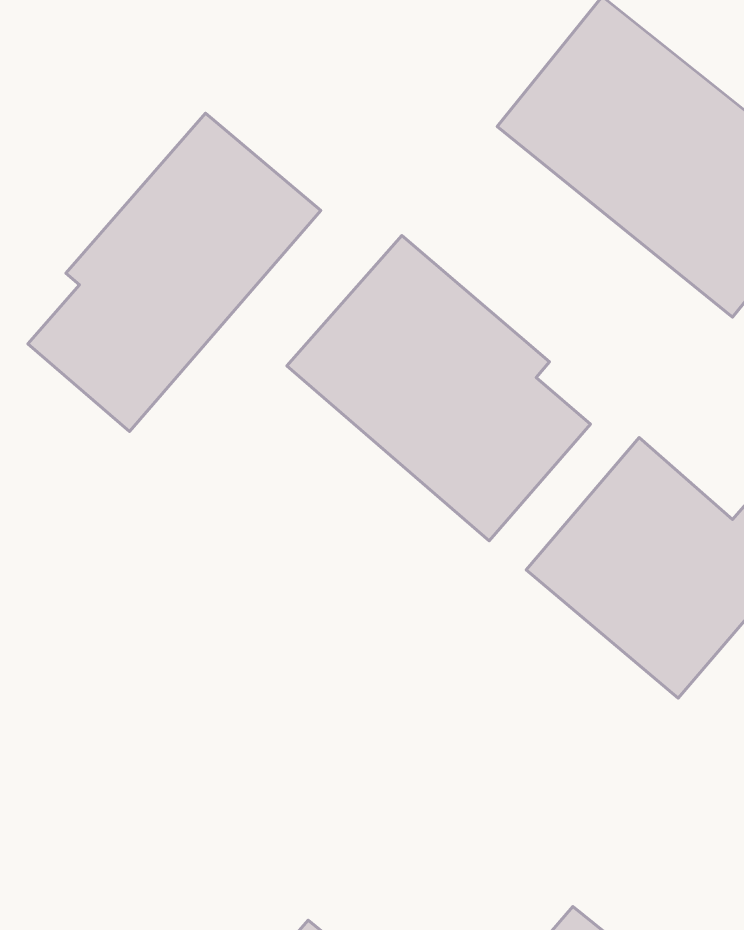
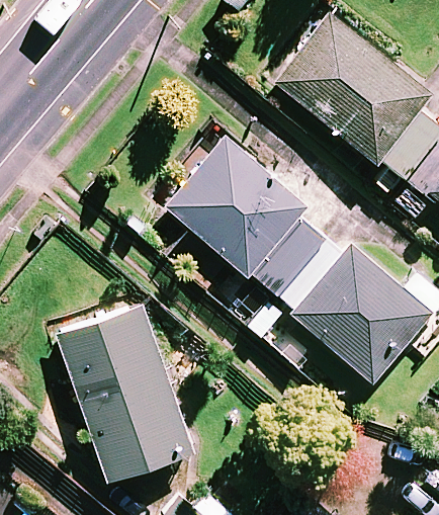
building: [28,113,321,432] -> none
building: none -> [58,306,193,480]

